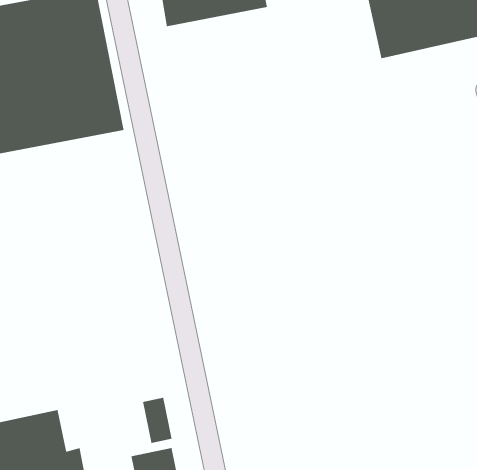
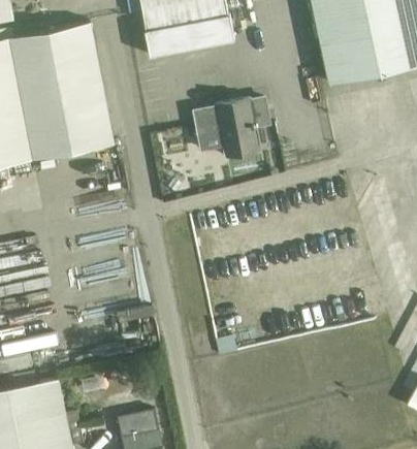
building: none -> [194,99,268,158]
building: [142,397,173,444] -> none

